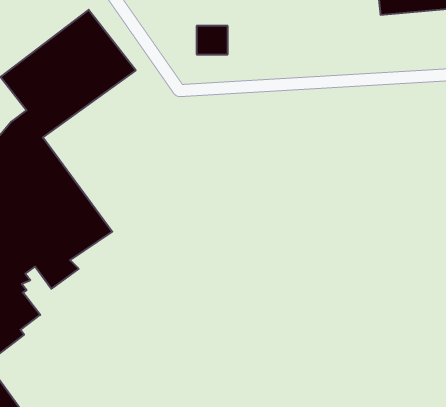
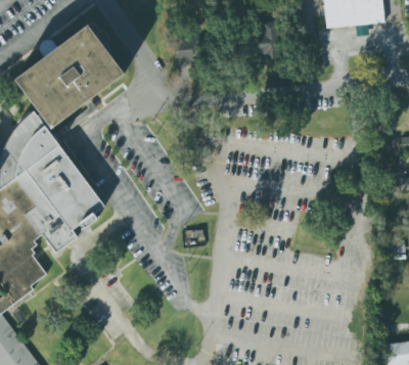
building: none -> [251,21,276,56]

